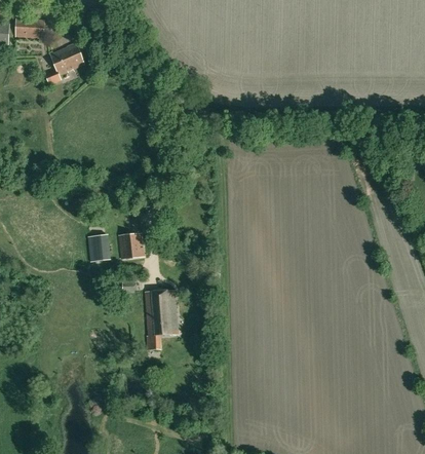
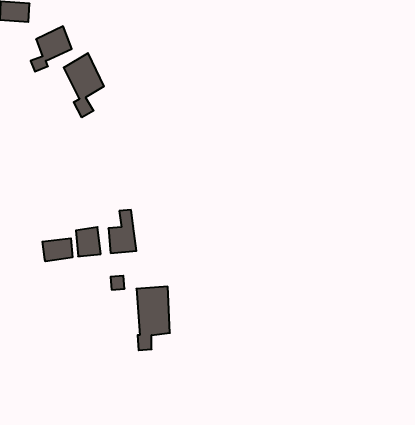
building: none -> [64,53,104,117]
building: none -> [42,238,72,261]

